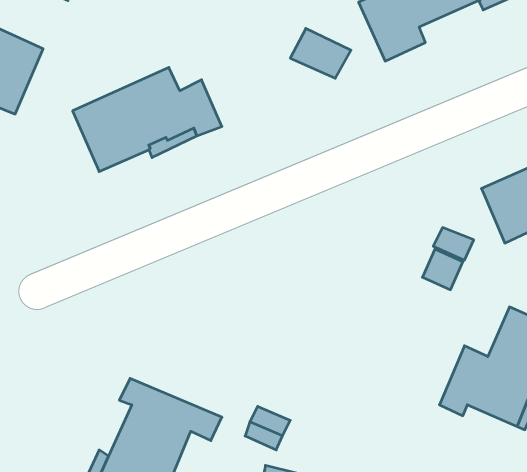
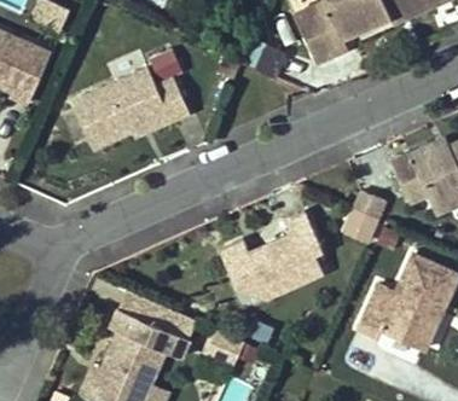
building: none -> [220,211,324,297]

